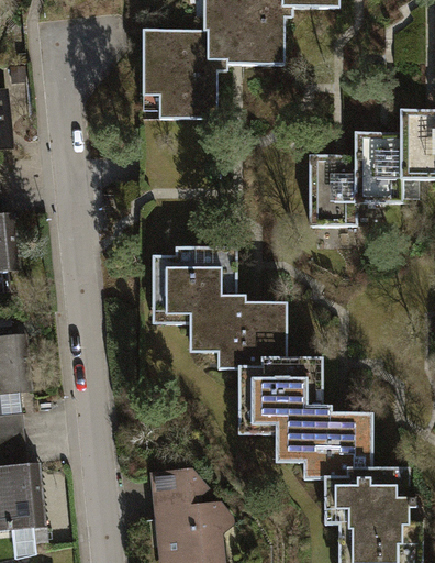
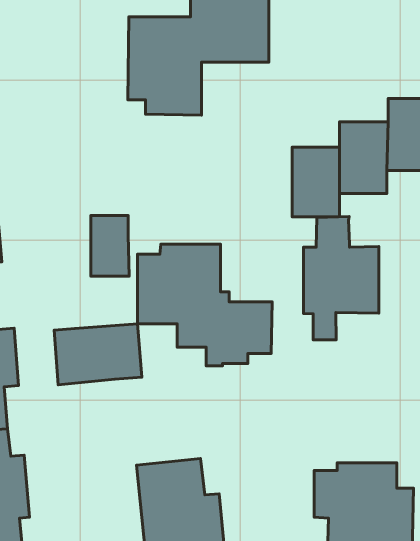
building: none -> [91,216,129,276]
building: none -> [304,216,379,340]
building: none -> [54,324,142,385]
building: [236,361,372,482] -> none

